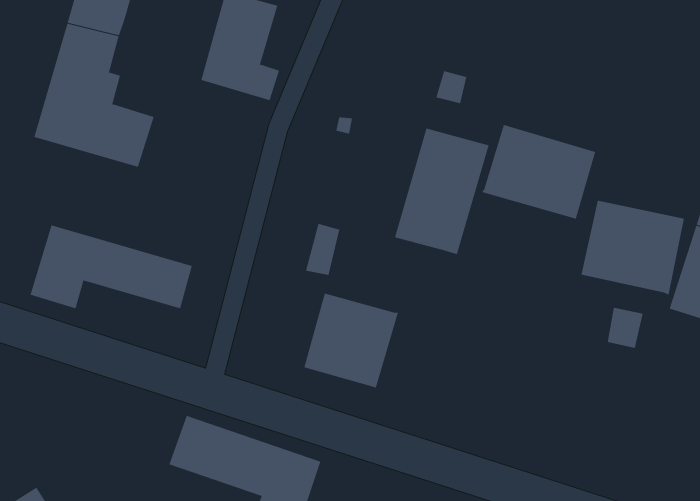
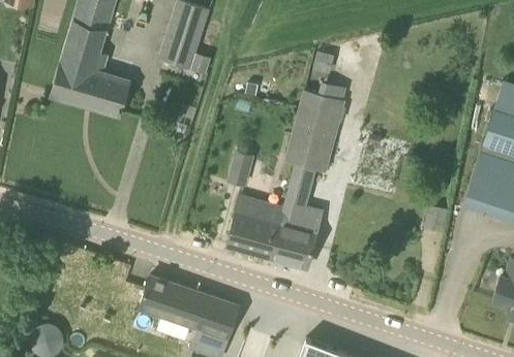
building: [481,124,596,219] -> none
building: [581,200,684,296] -> none
building: [30,224,192,309] -> none
building: none -> [274,163,324,267]

